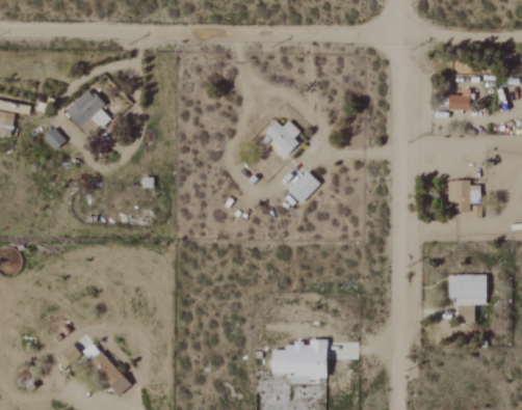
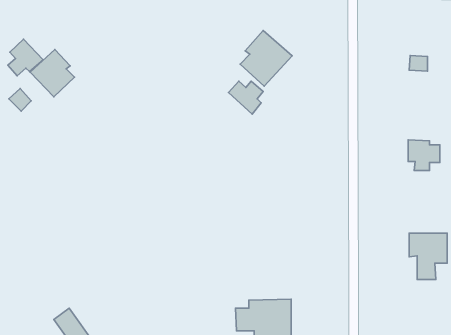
building: none -> [240,31,292,86]
building: none -> [8,39,43,76]
building: [287,170,319,202] -> none

